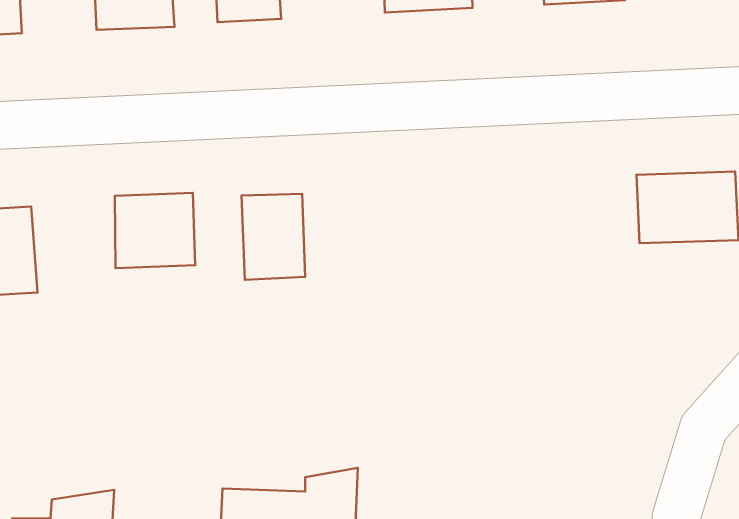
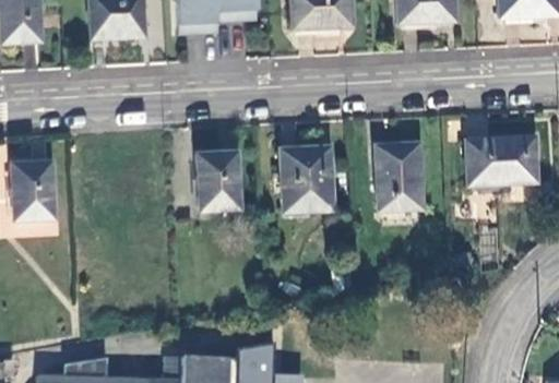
building: none -> [374,140,423,211]
building: none -> [281,147,332,213]
building: [115,193,195,268] -> none

